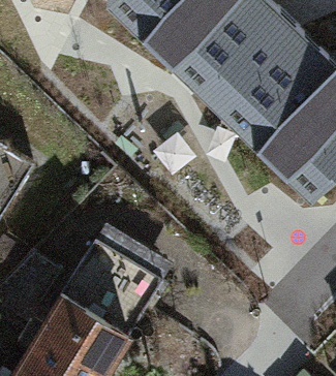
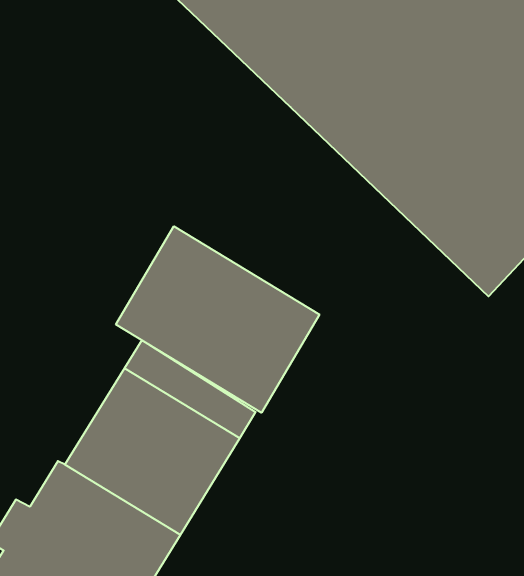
building: none -> [116,226,319,413]

